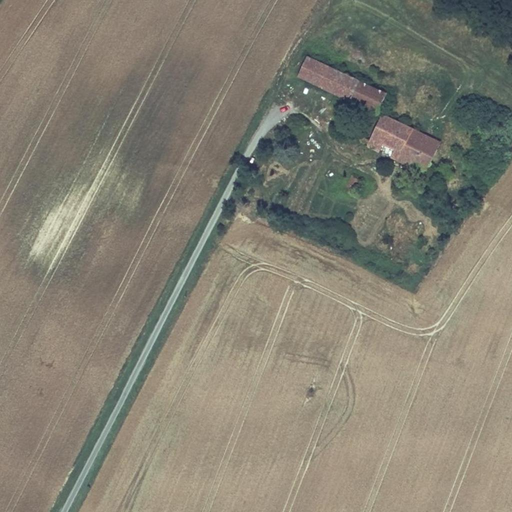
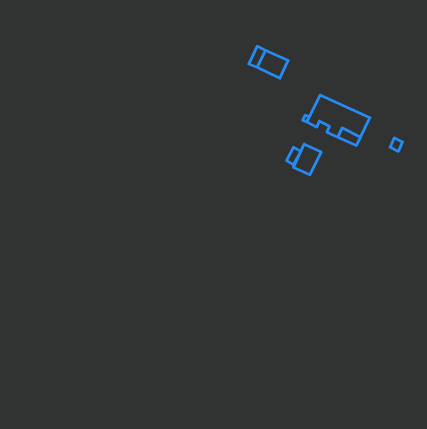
building: [333,72,386,113] -> none
building: none -> [294,144,321,175]

